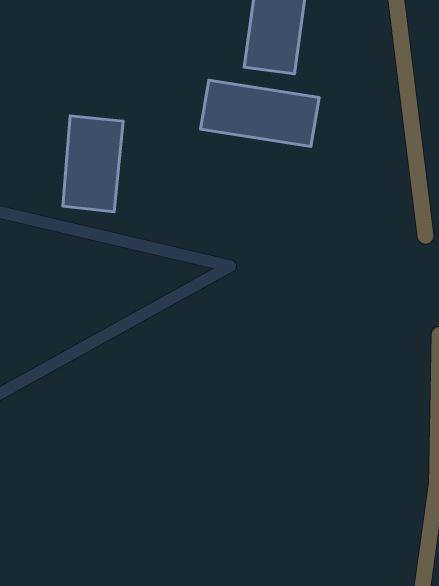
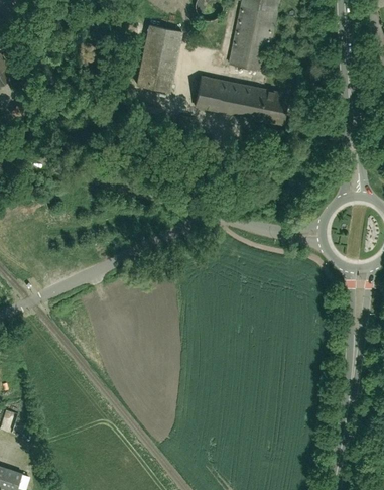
building: [63,116,123,212] -> [133,25,180,97]

